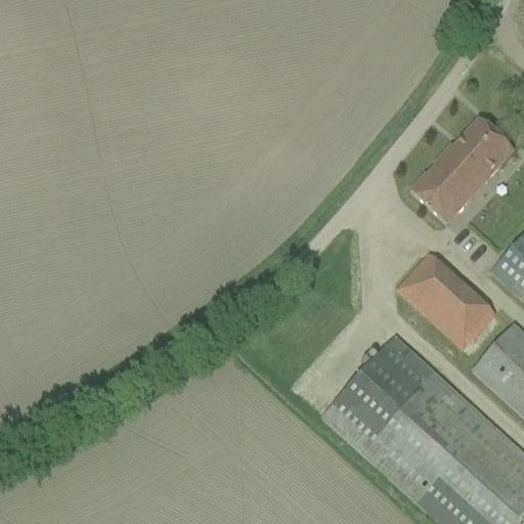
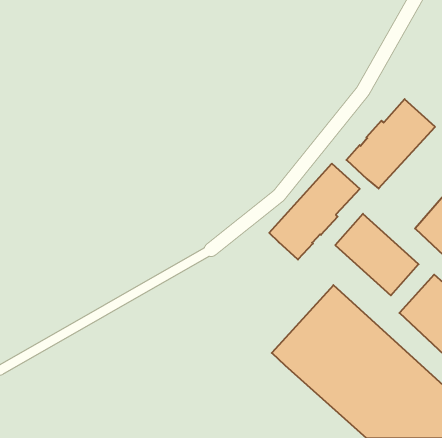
building: none -> [269,164,360,260]

